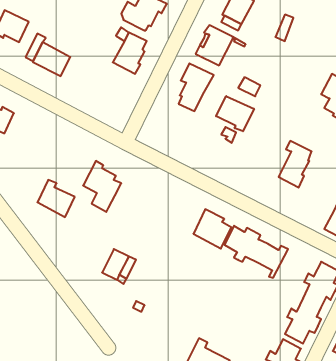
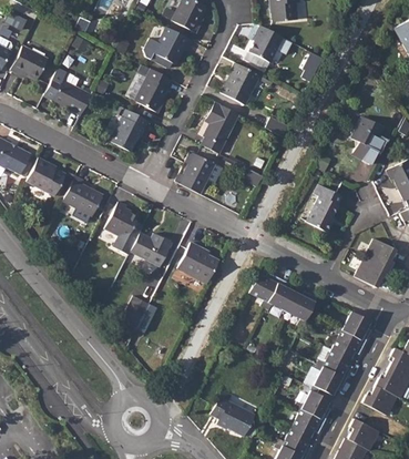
building: none -> [110,110,149,152]
building: [216,96,254,131] -> none
building: none -> [176,154,215,194]
building: none -> [27,160,65,198]
building: [37,180,75,217] -> [63,180,102,218]
building: none -> [130,235,172,269]
building: [193,209,232,249] -> [180,244,219,285]

